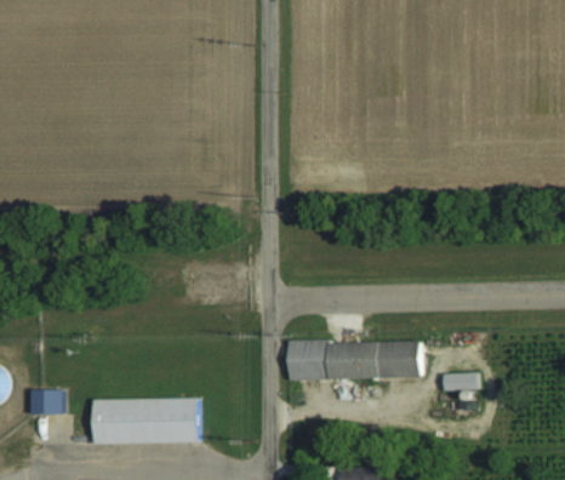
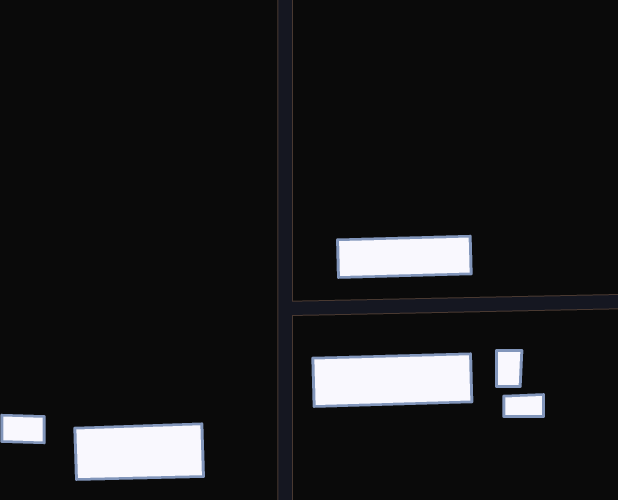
building: none -> [338,236,471,277]
building: none -> [497,350,522,387]

